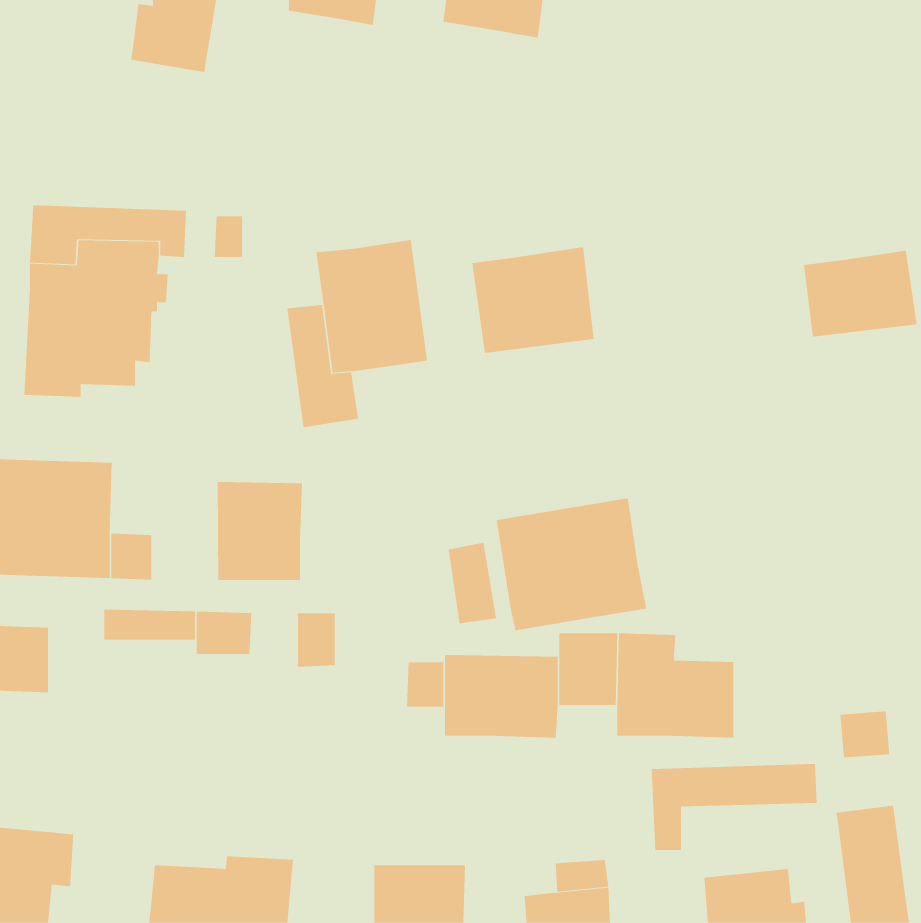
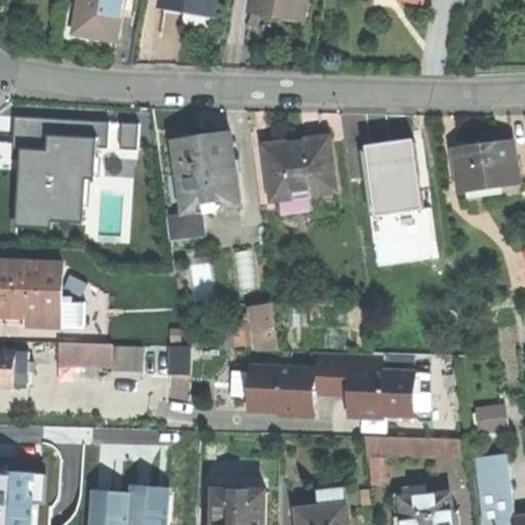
building: none -> [364,138,419,212]
building: [217,481,302,581] -> none
building: [496,498,647,631] -> none

